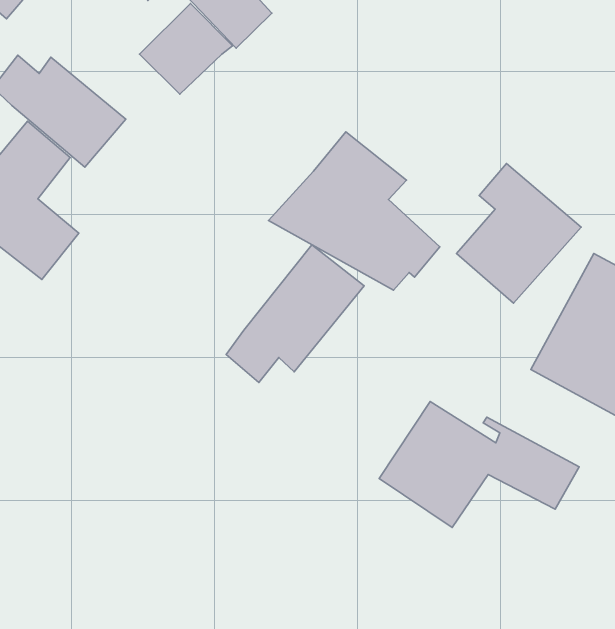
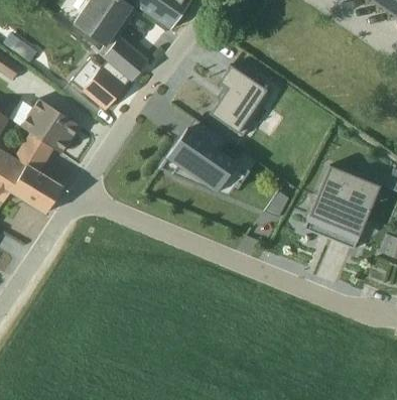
building: [457,163,581,303] -> [211,64,273,136]
building: [226,245,364,383] -> none
building: [379,401,579,528] -> none

